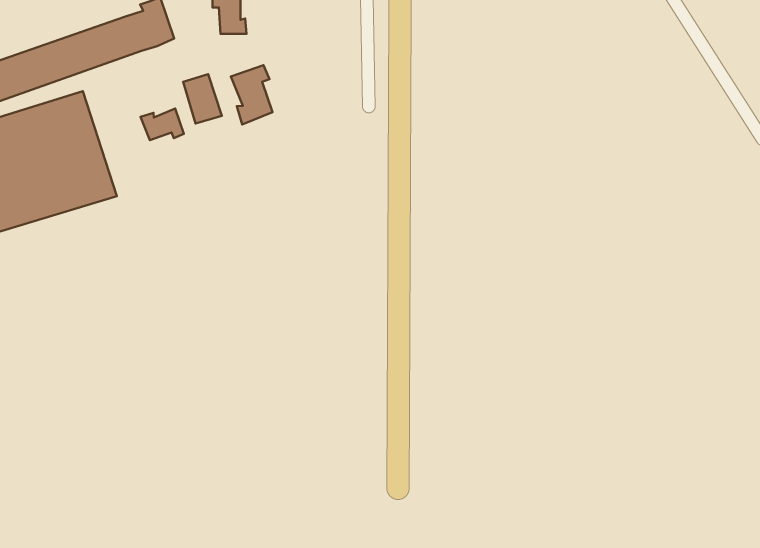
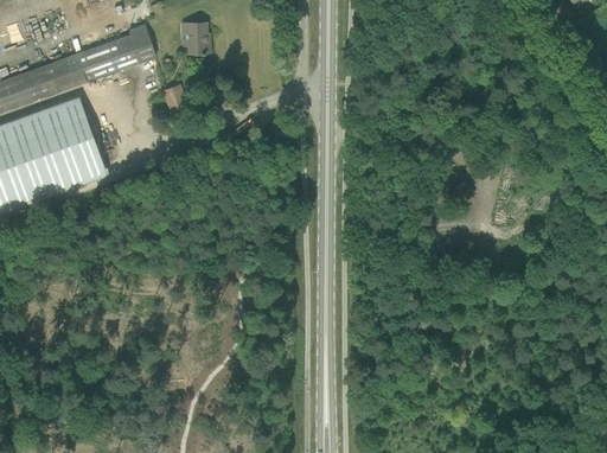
building: [231,65,273,124] -> none
building: [140,109,184,140] -> none

